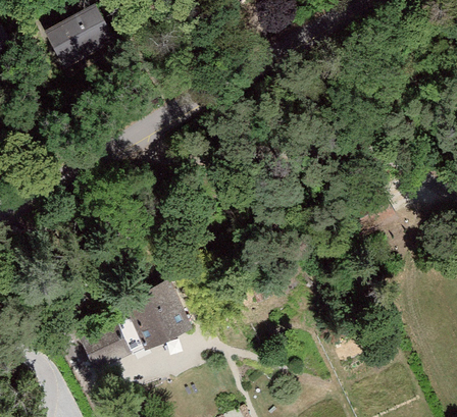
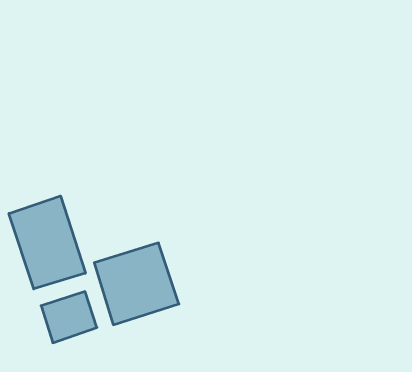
building: none -> [9,196,85,289]

